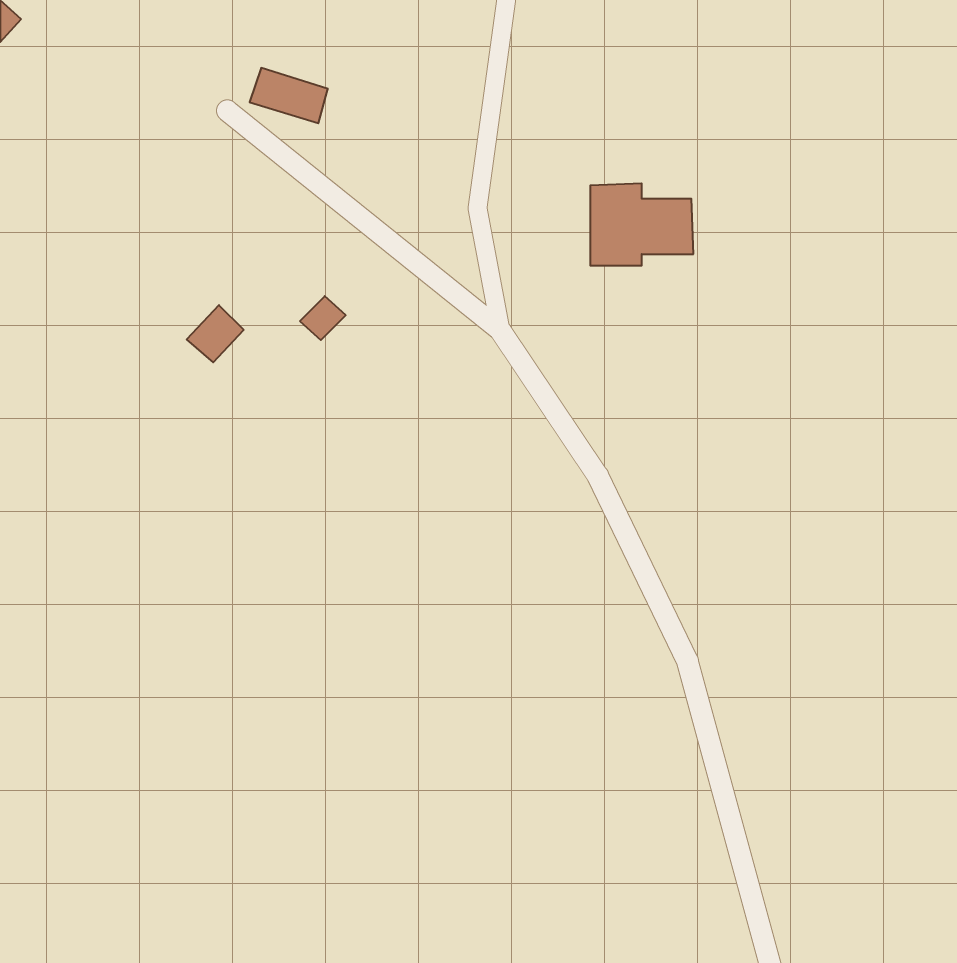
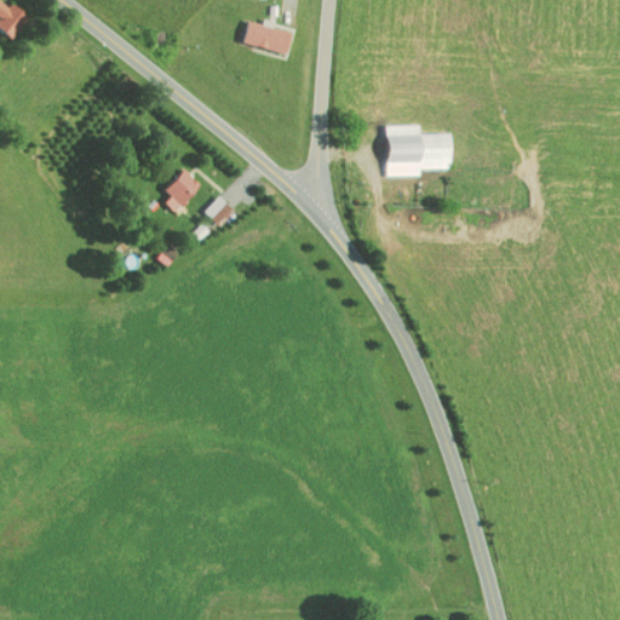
building: [250,68,328,123] -> [242,21,292,56]
building: [187,305,244,362] -> [163,170,200,206]

